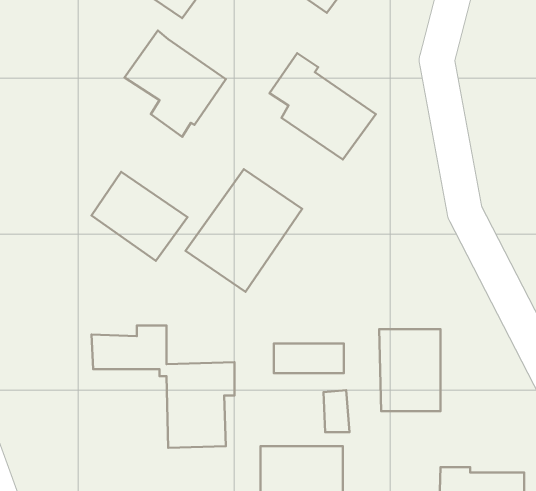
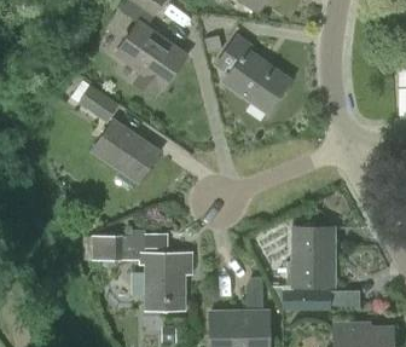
building: none -> [72,80,120,121]
building: [185,169,302,292] -> none
building: [274,343,344,373] -> [284,288,332,308]

